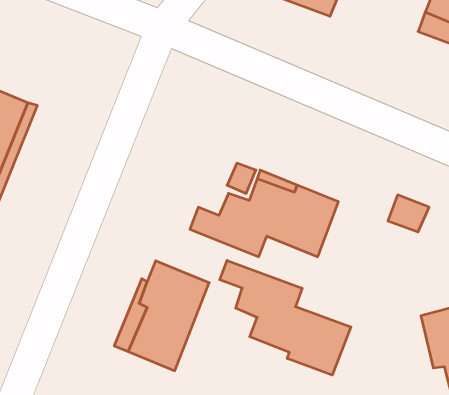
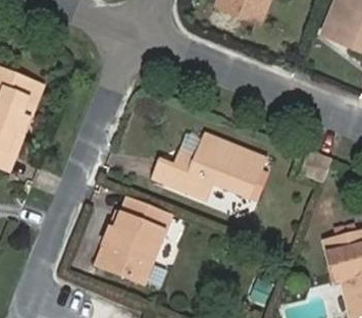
building: [220,260,351,375] -> none

